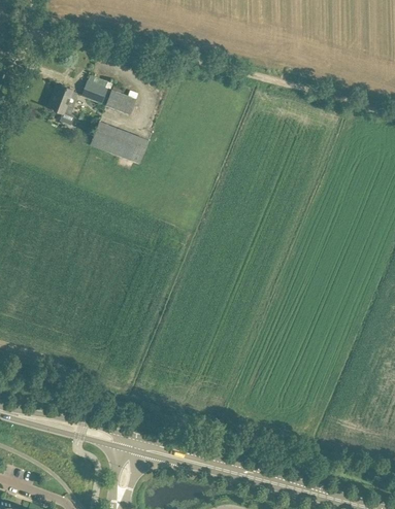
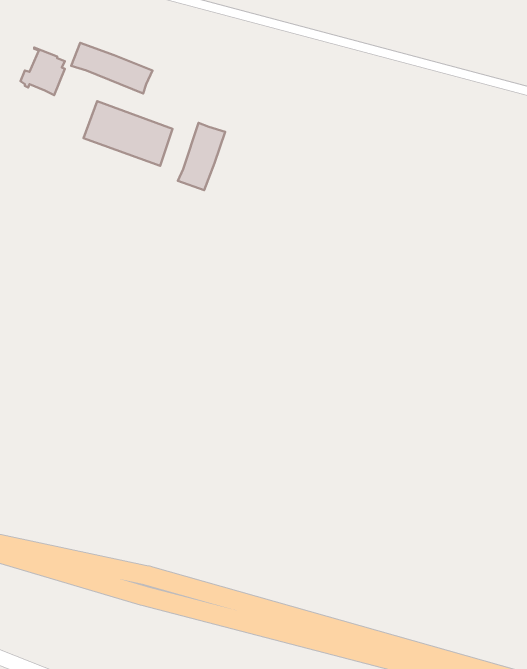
building: none -> [178,123,225,190]

